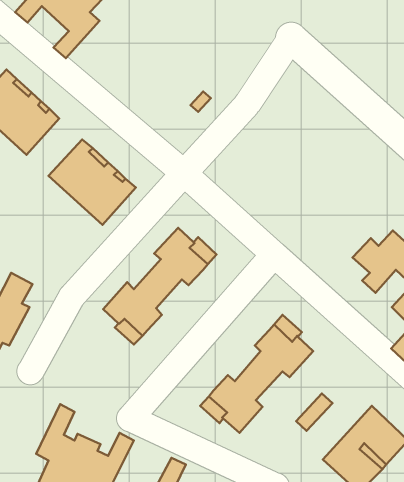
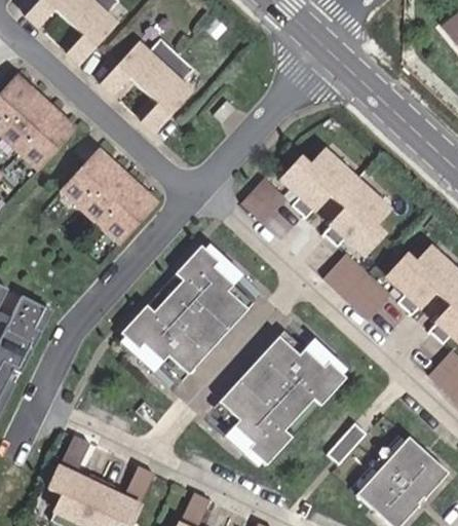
building: none -> [101,38,194,132]
building: none -> [281,151,387,255]
building: none -> [240,178,285,223]
building: none -> [322,254,390,321]
building: none -> [167,291,247,374]
building: none -> [218,337,298,420]

